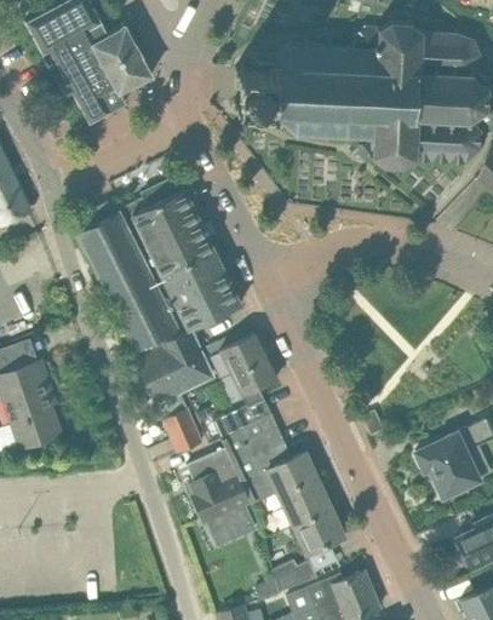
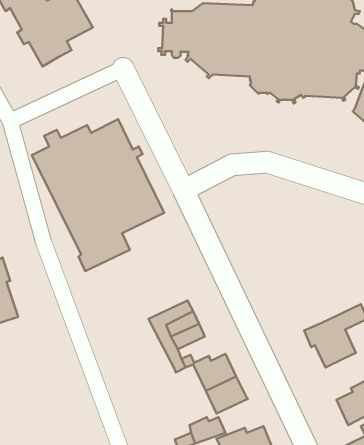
building: [214,334,277,438] -> none
building: [143,352,211,454] -> none
building: [185,448,254,539] -> none
building: [258,453,317,493] -> none

